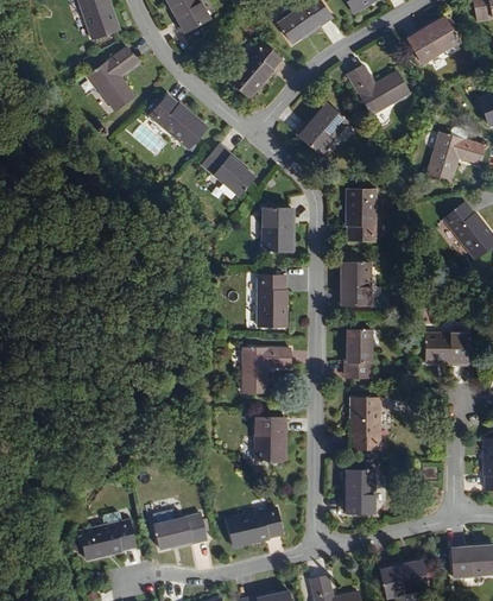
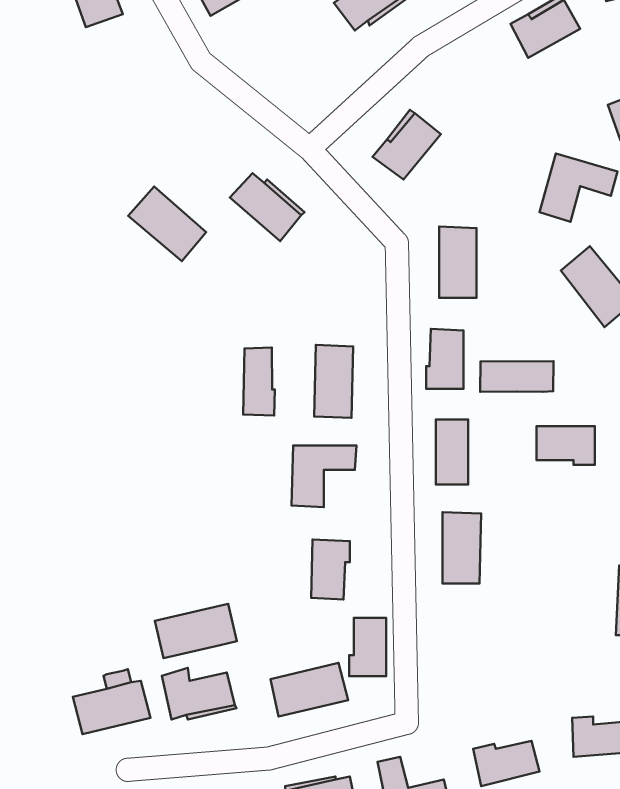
building: [232,42,286,97] -> none
building: [94,48,143,112] -> none
building: [352,62,413,110] -> none
building: [146,96,203,151] -> [128,187,206,261]
building: [260,207,289,251] -> none
building: none -> [243,347,275,415]
building: none -> [480,361,553,392]
building: none -> [155,604,237,658]
building: [343,470,371,513] -> [349,618,386,676]

